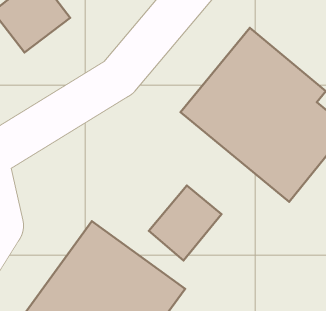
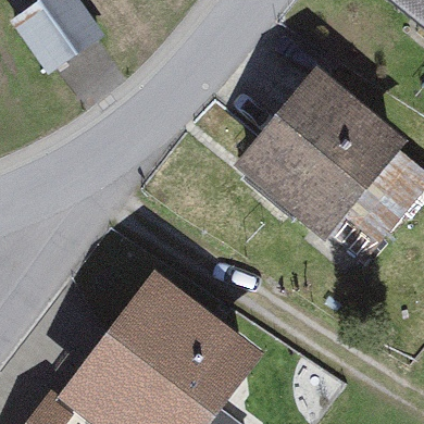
building: [149,186,222,261] -> none

